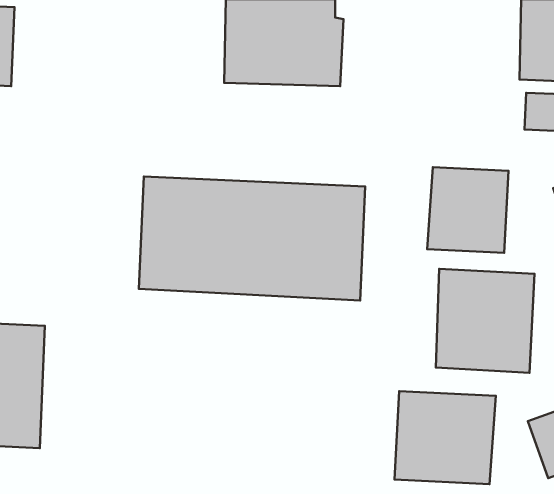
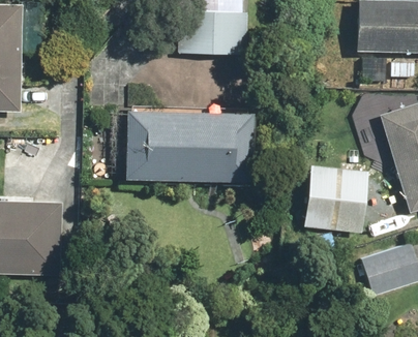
building: [427,167,508,253] -> none
building: [395,391,496,484] -> none

